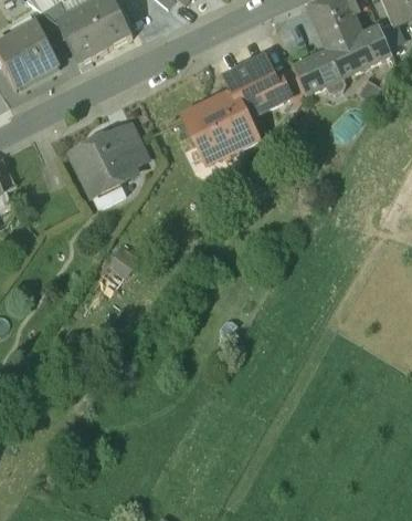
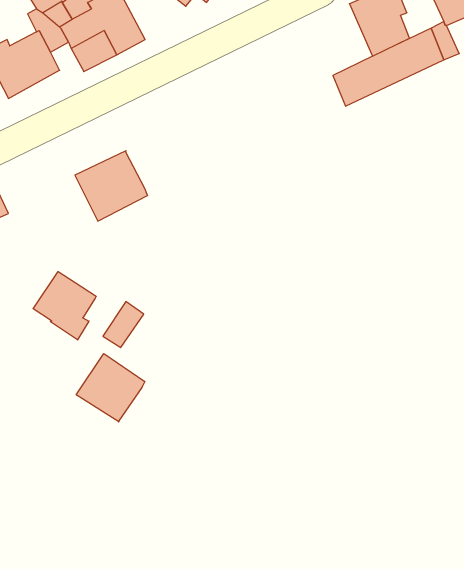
building: [186,56,290,156] -> none
building: [116,123,149,164] -> none
building: none -> [33,272,96,340]
building: none -> [76,354,145,422]

